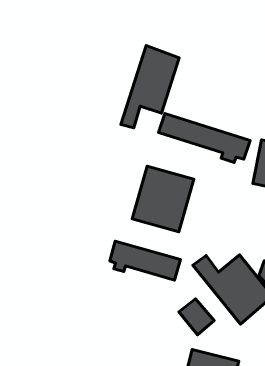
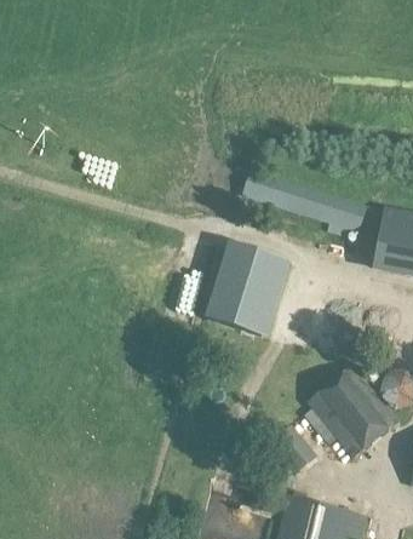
building: [121,46,179,128] -> none
building: [110,241,180,280] -> none

